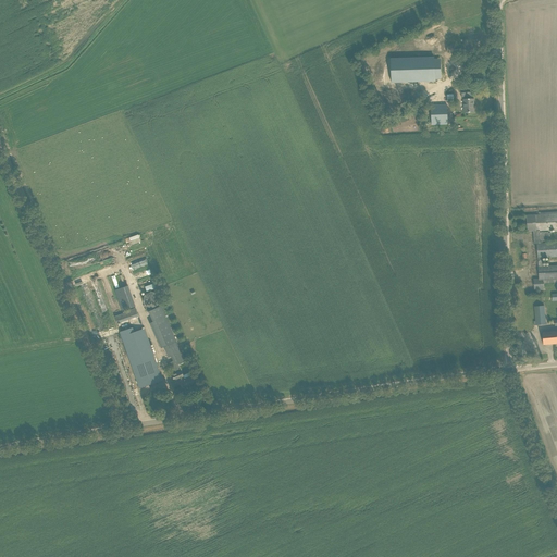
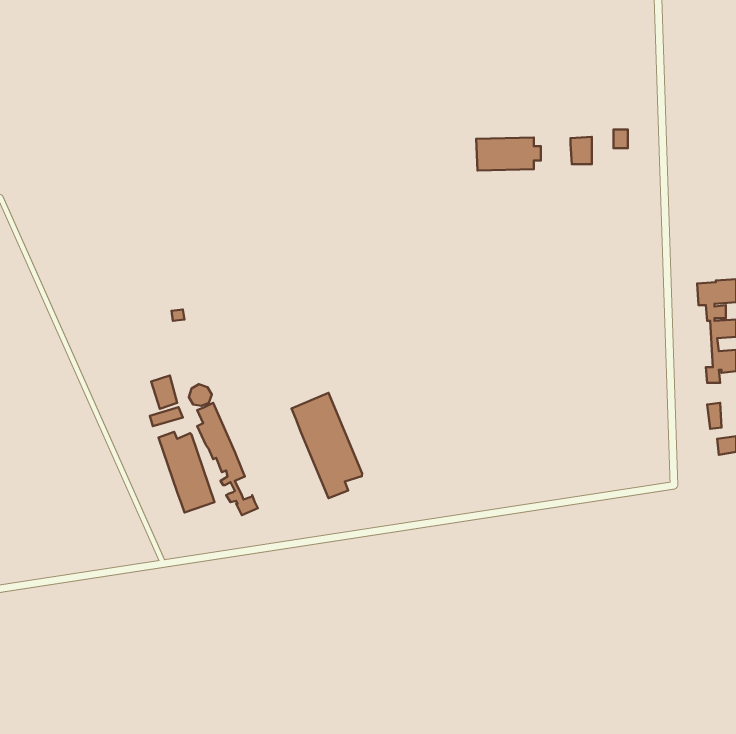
building: [391,57,440,82] -> [476,137,541,171]
building: none -> [291,393,362,498]

